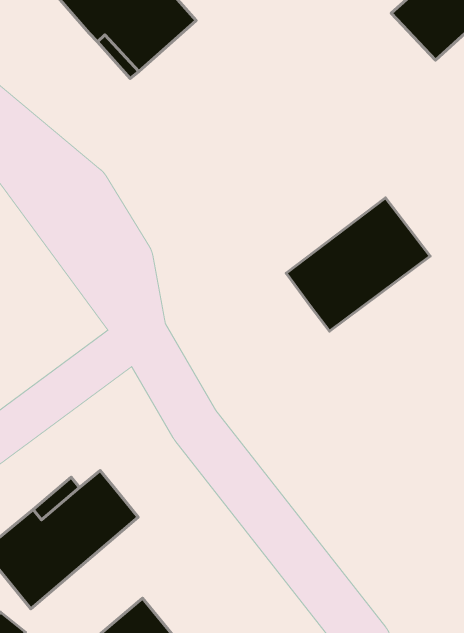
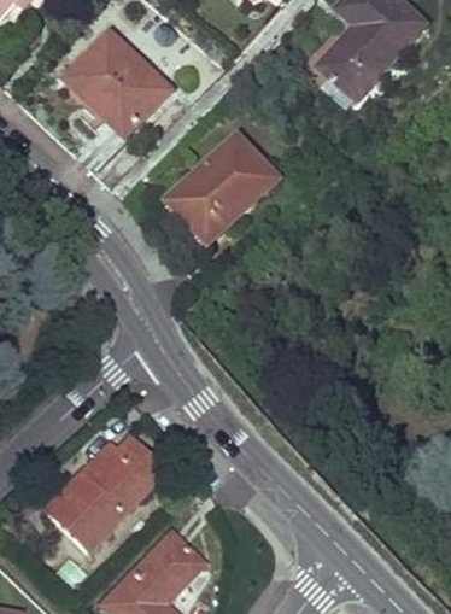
building: [286,198,430,331] -> [168,135,276,241]

